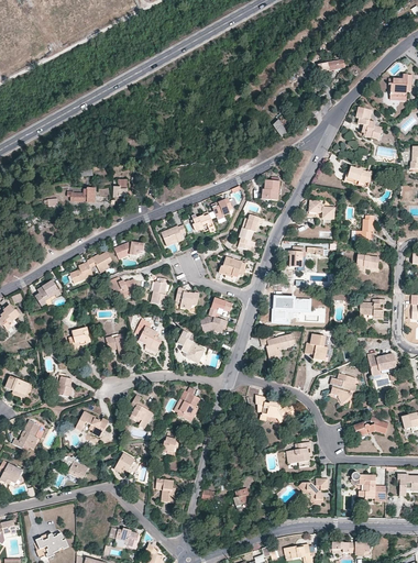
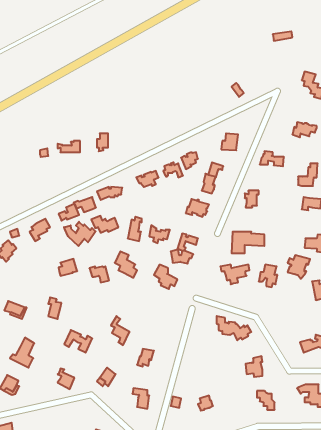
building: none -> [64,222,96,246]
building: [330,373,356,400] -> [288,255,310,279]
building: [175,386,197,421] -> none

